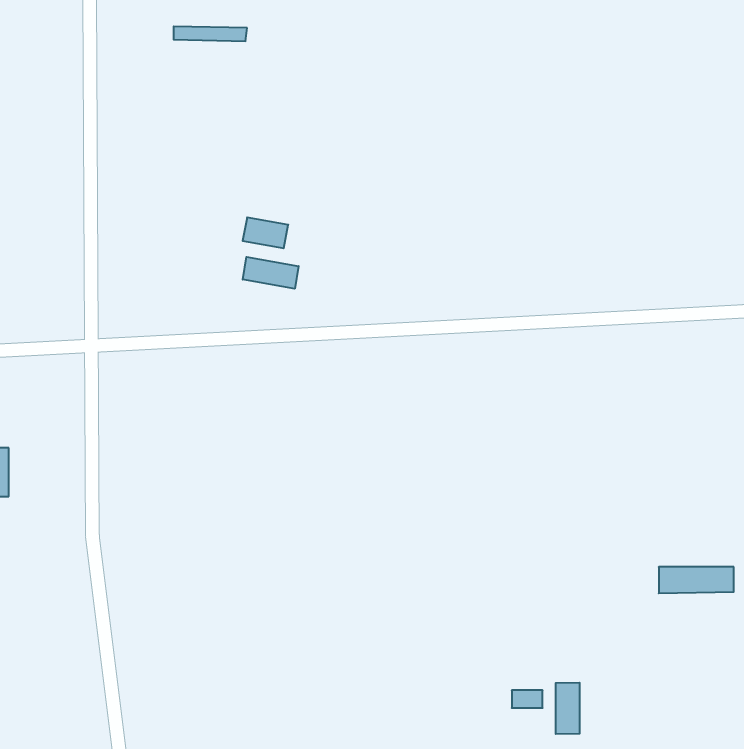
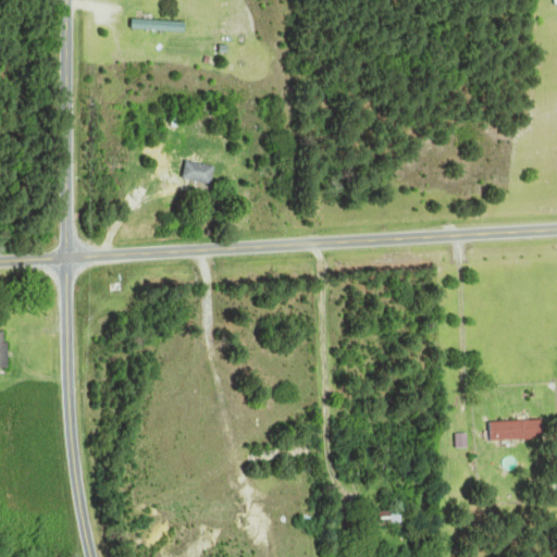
building: [243,257,299,289] -> none
building: [556,683,580,734] -> none

